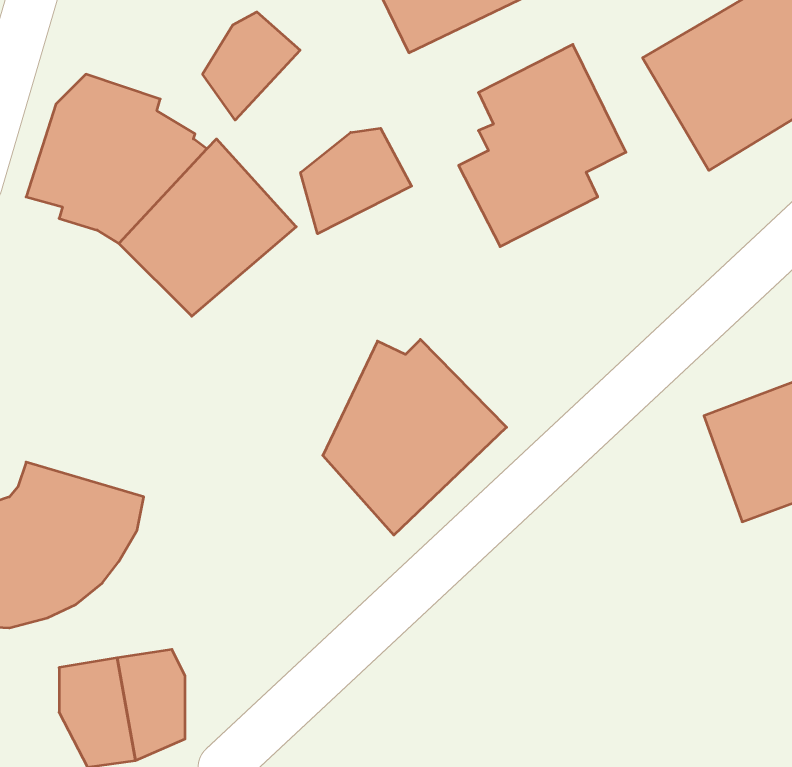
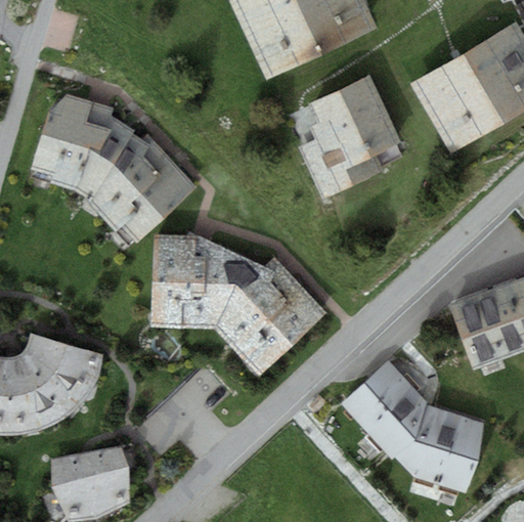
building: [203,12,300,120] -> none
building: [301,128,412,234] -> none
building: none -> [151,234,248,329]
building: none -> [341,360,485,492]

